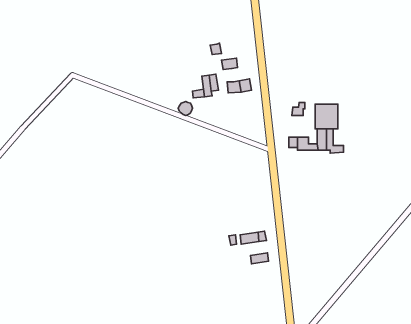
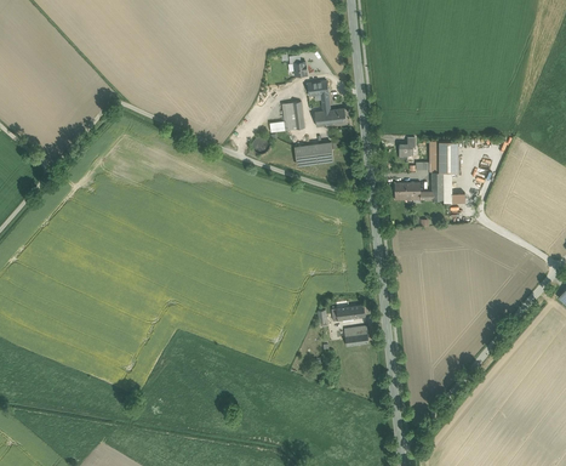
building: none -> [295,142,333,164]

